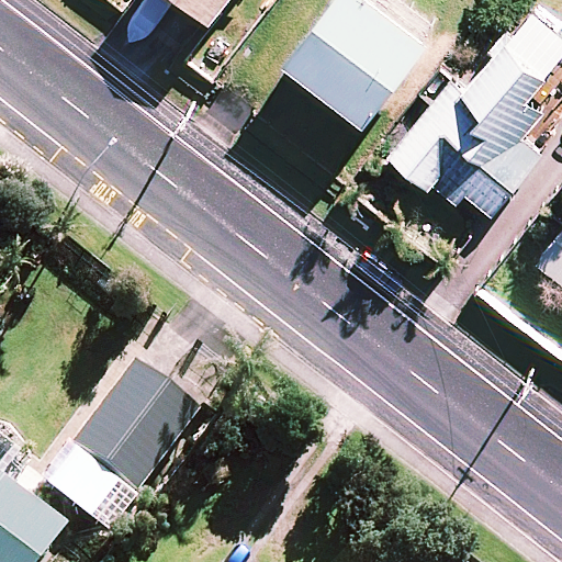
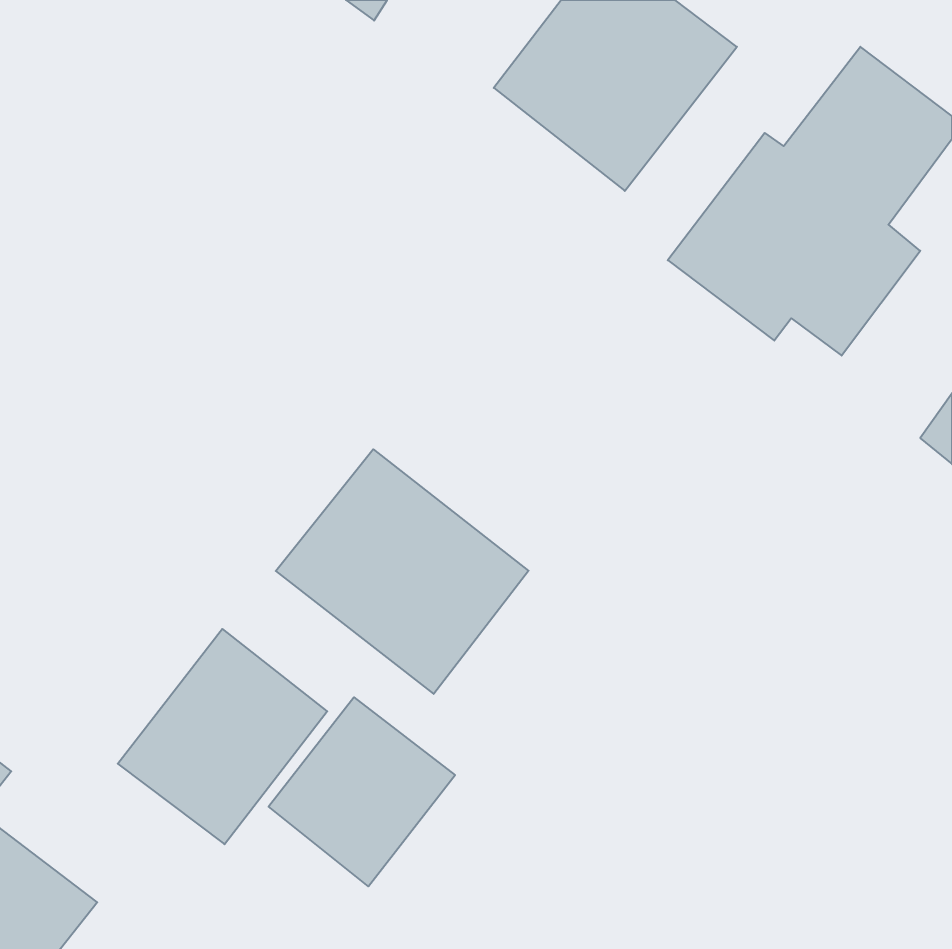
building: none -> [276,449,529,694]
building: none -> [269,697,455,886]

